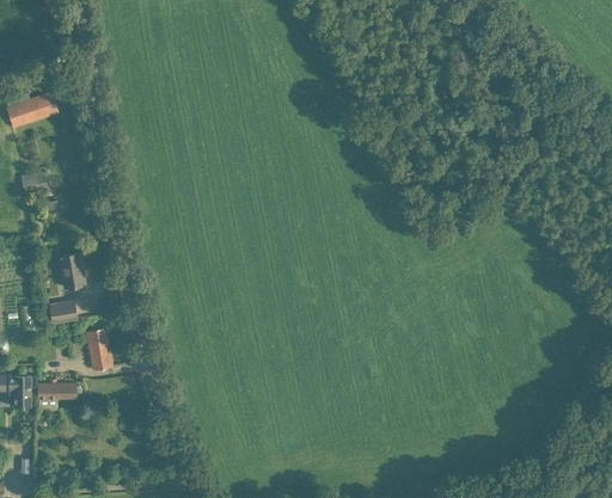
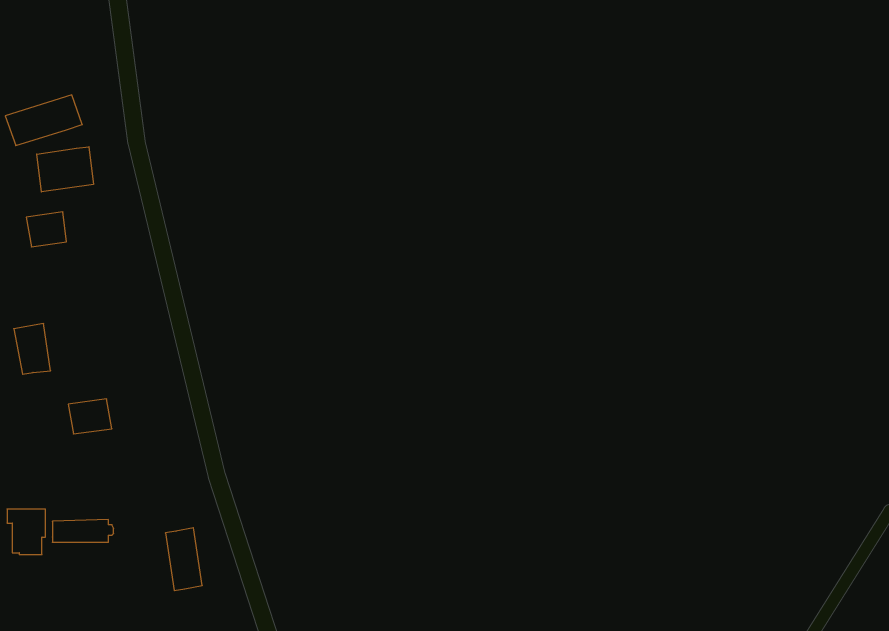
building: none -> [37,147,93,192]
building: [59,252,84,287] -> [14,324,51,374]
building: [86,327,111,370] -> [165,528,202,591]

